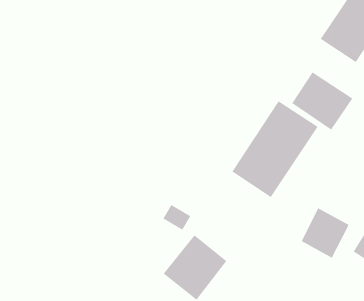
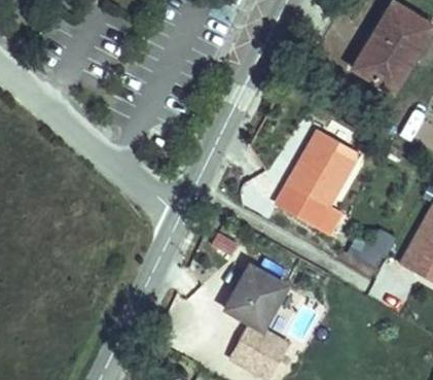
building: [292,71,353,131] -> none

